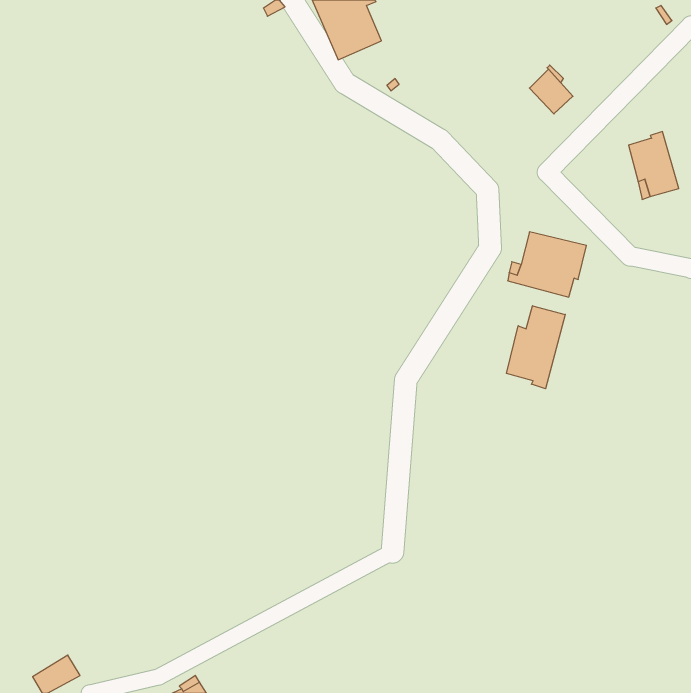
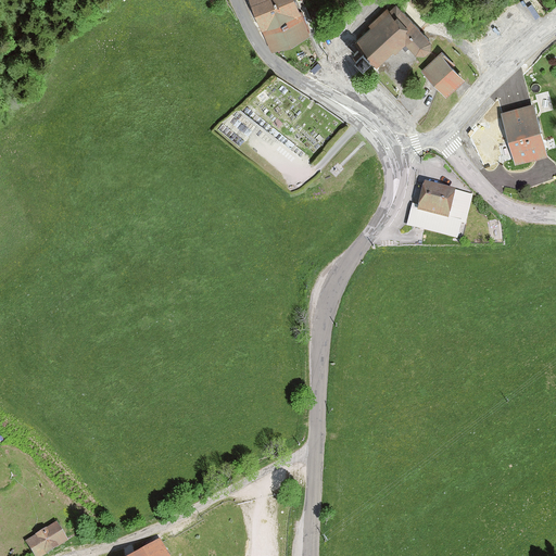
building: none -> [352,4,428,65]
building: [507,306,565,389] -> none

